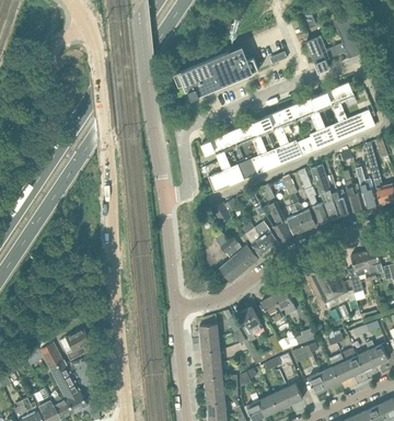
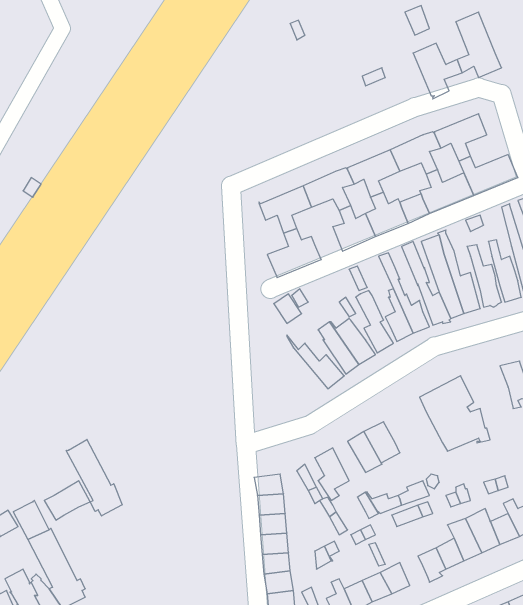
building: [174,47,258,99] -> none
building: [216,232,248,282] -> none
building: [347,252,372,294] -> none
building: none -> [66,439,122,516]

